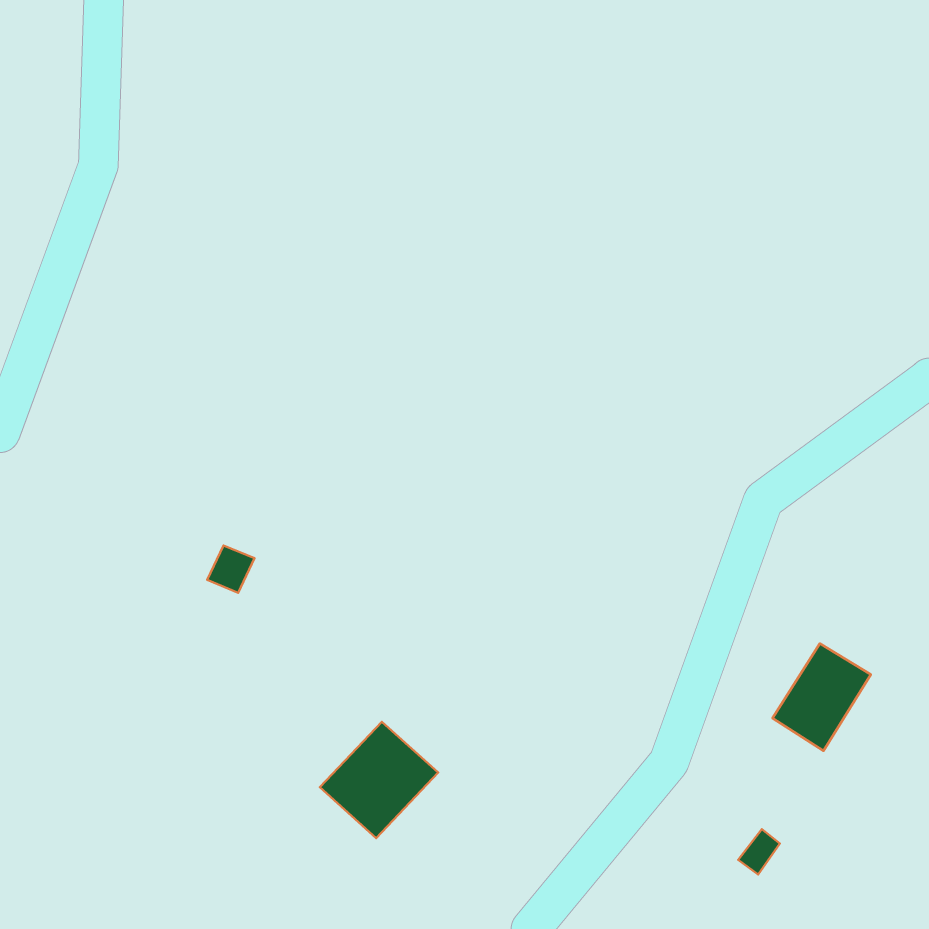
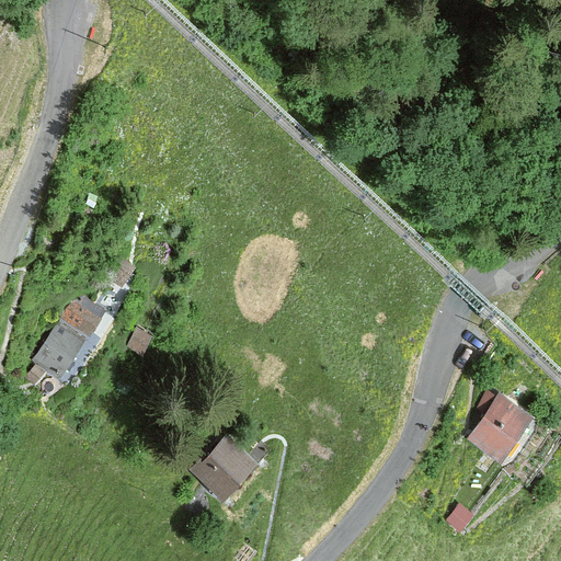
building: none -> [32,299,104,380]

